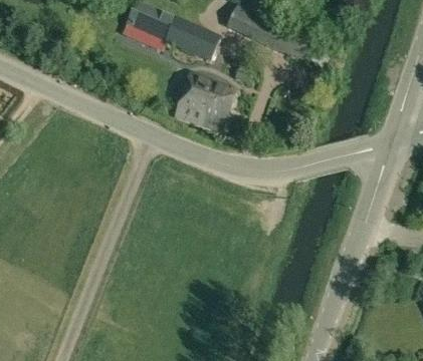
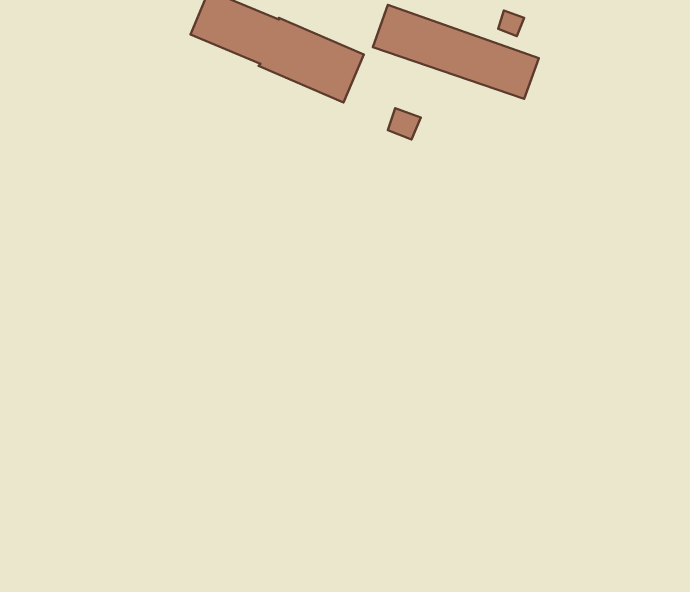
building: [176,72,236,131] -> none

